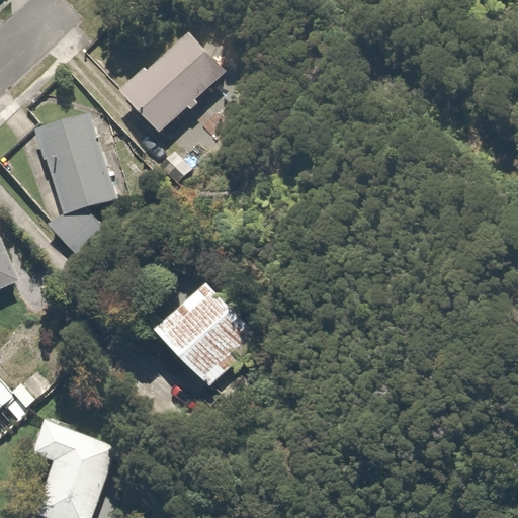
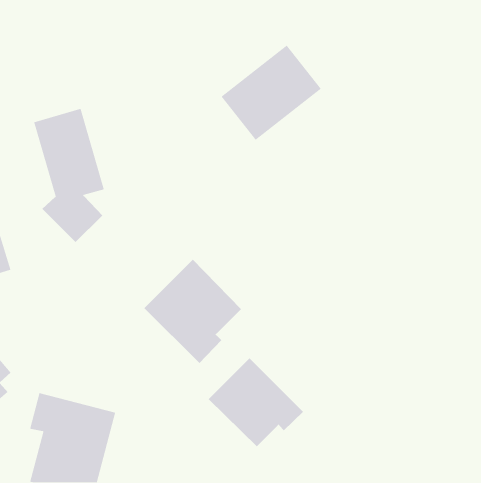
building: [119,30,228,134] -> [221,44,322,141]
building: none -> [208,357,304,447]

